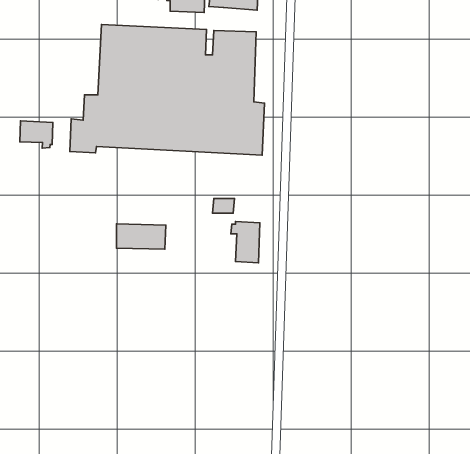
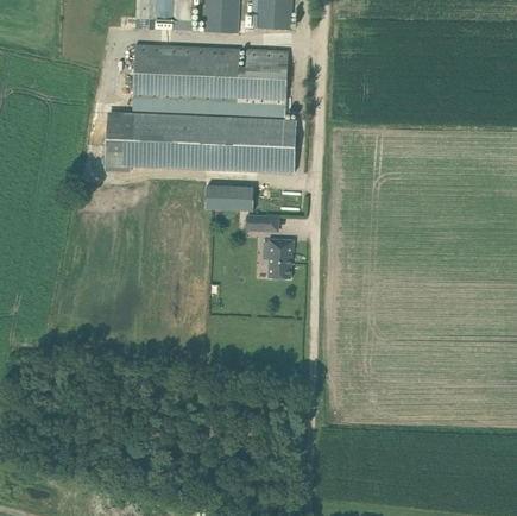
building: [20,121,53,148] -> none
building: [116,224,166,249] -> [206,184,254,209]

